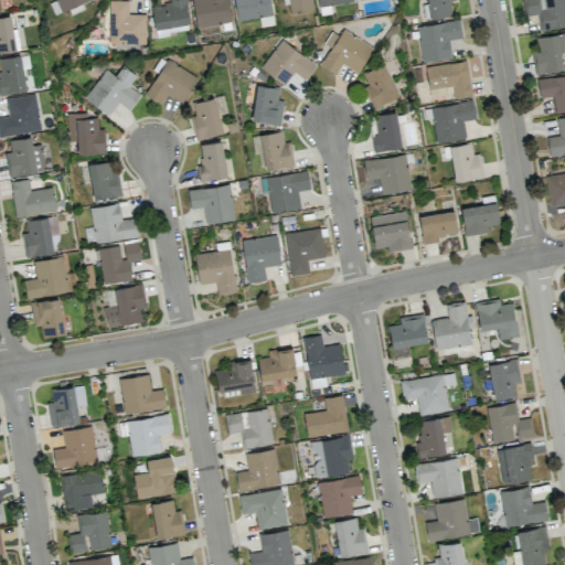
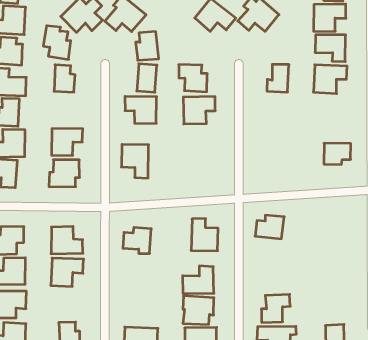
building: [364,64,401,109] -> none
building: [254,86,285,125] -> none
building: [445,145,484,182] -> none
building: [365,156,412,194] -> none
building: [86,204,139,245] -> none
building: [419,211,460,242] -> none
building: [372,213,412,252] -> none
building: [287,230,326,276] -> none
building: [243,236,281,282] -> none
building: [477,300,519,339] -> none
building: [434,302,475,350] -> none
building: [258,348,298,381] -> none
building: [491,361,522,399] -> none
building: [402,373,457,416] -> none
building: [488,404,535,444] -> none
building: [226,409,274,449] -> none
building: [237,449,280,490] -> none
building: [136,457,177,498] -> none

